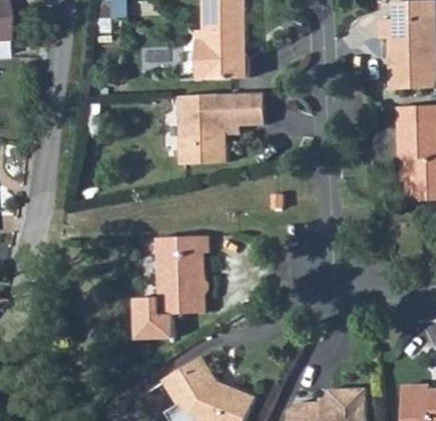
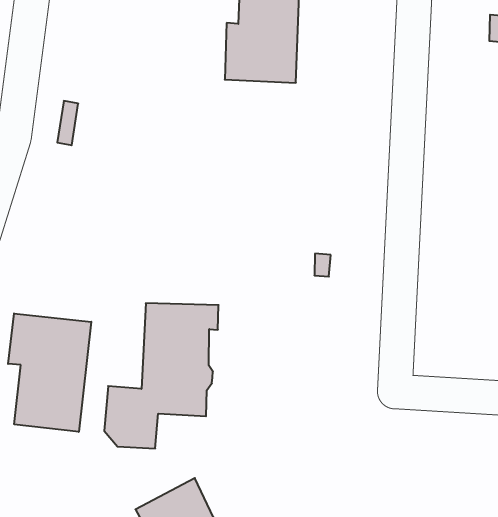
building: [177,91,264,165] -> none
building: none -> [8,313,91,432]

